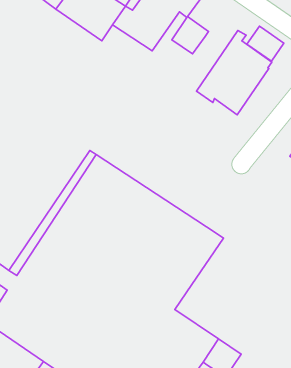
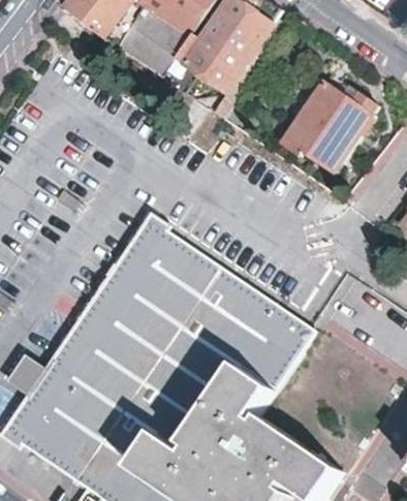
building: [172,17,208,54] -> none
building: [247,26,284,61] -> none

